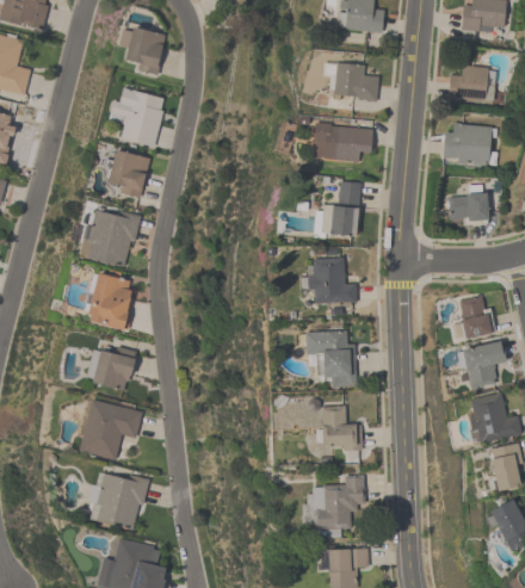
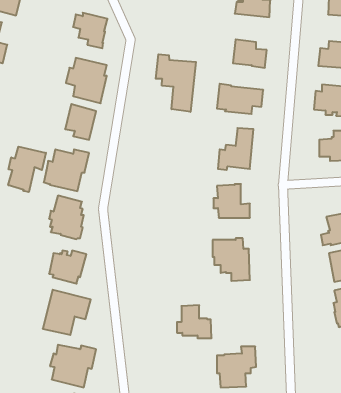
building: none -> [156,54,196,112]
building: none -> [8,147,46,192]
building: [315,406,362,450] -> [177,305,212,338]

